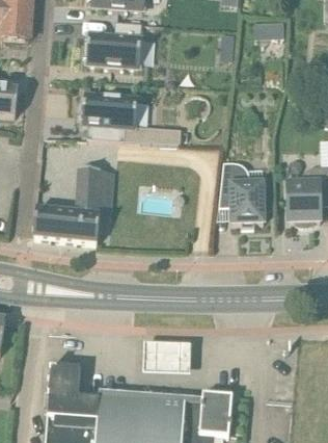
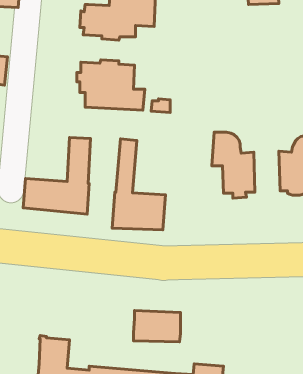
building: none -> [112,139,165,230]

